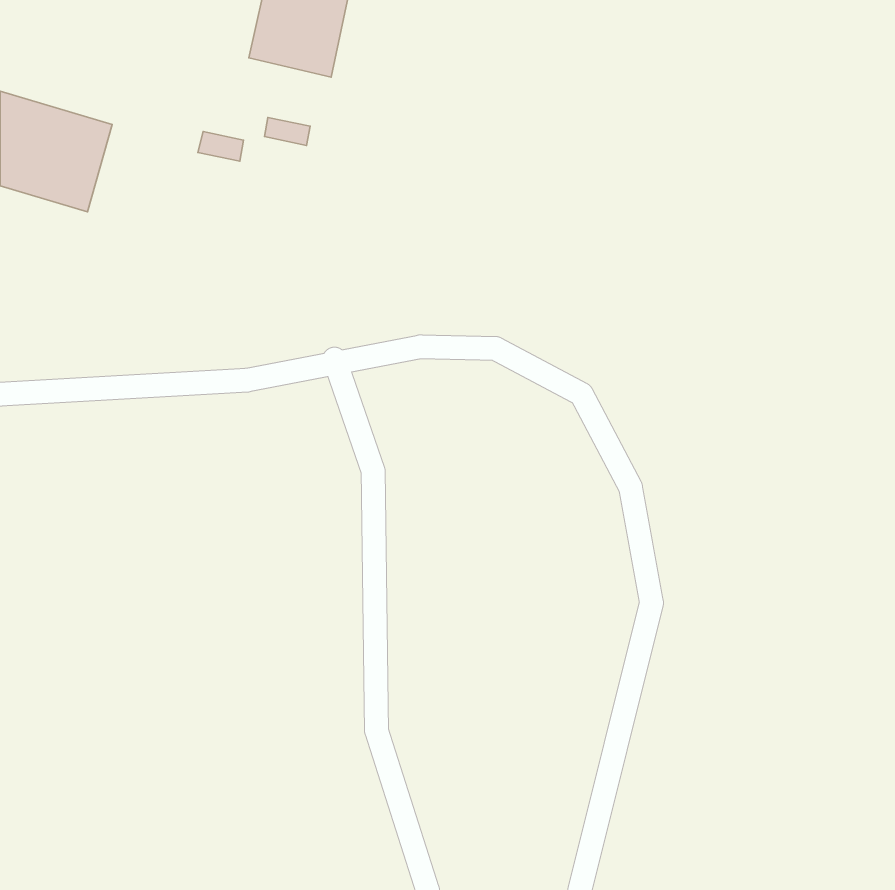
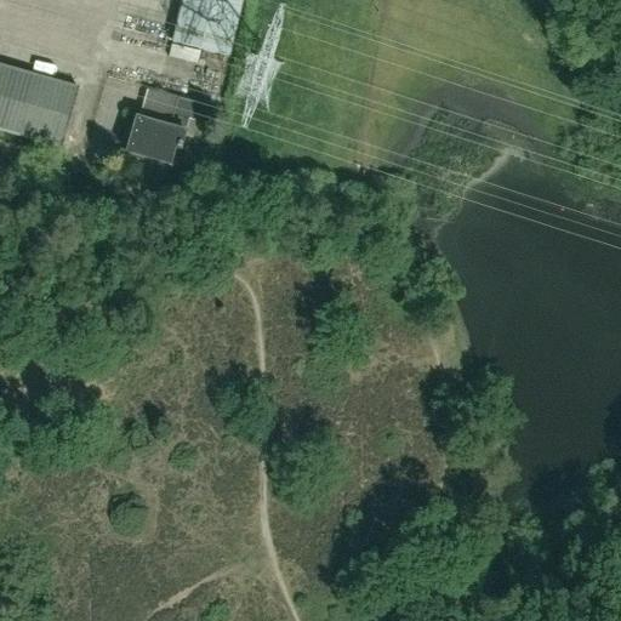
building: none -> [125,97,206,161]

